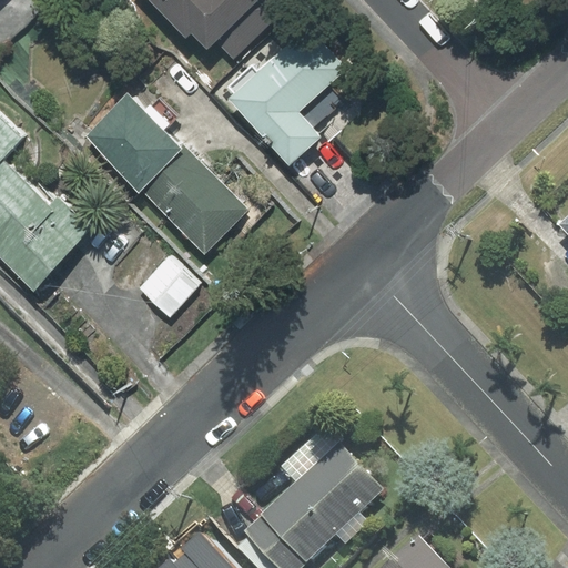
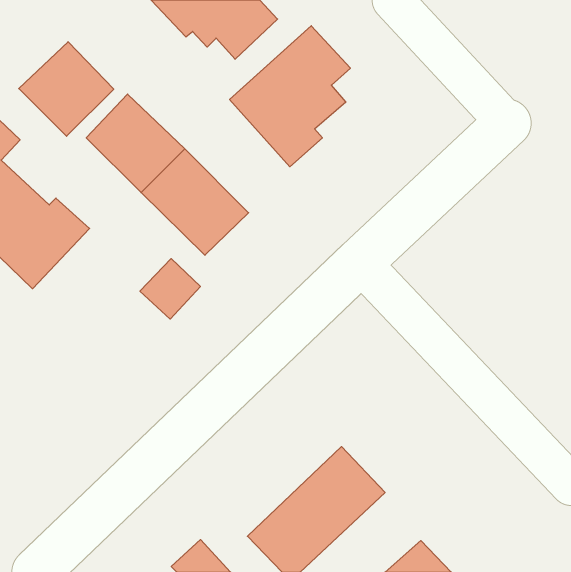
building: none -> [19,42,114,136]

